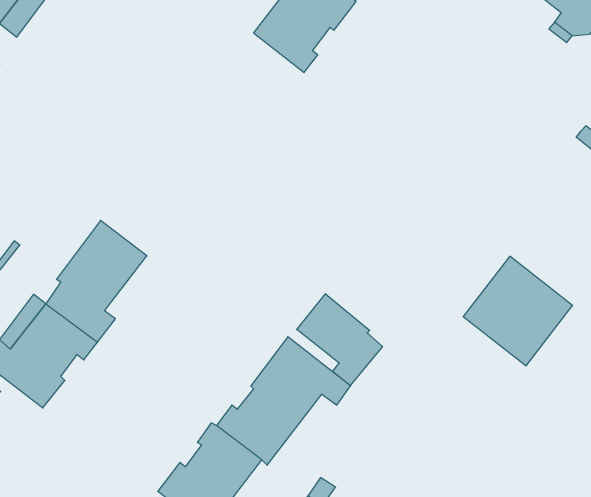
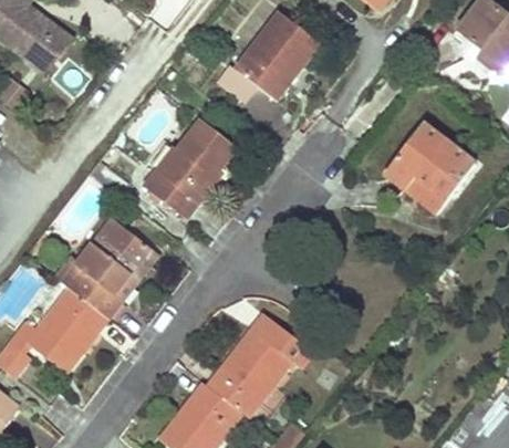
building: none -> [145,119,236,218]
building: [463,256,573,366] -> [386,124,475,212]
building: [297,294,383,386] -> none

